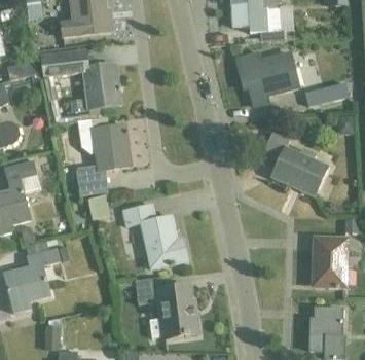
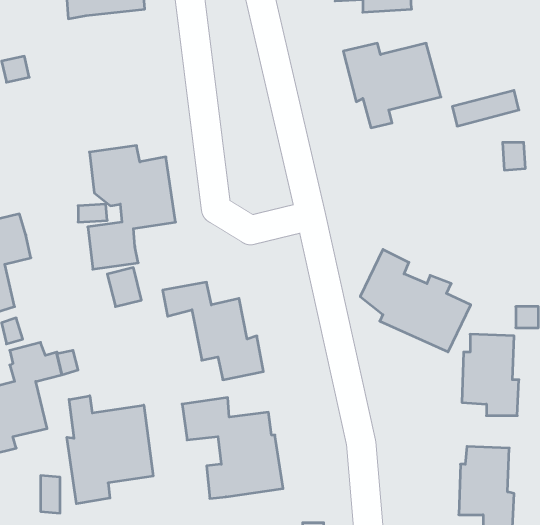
building: [39,50,120,109] -> none
building: [258,131,328,195] -> [360,249,471,352]
building: none -> [67,396,153,504]

